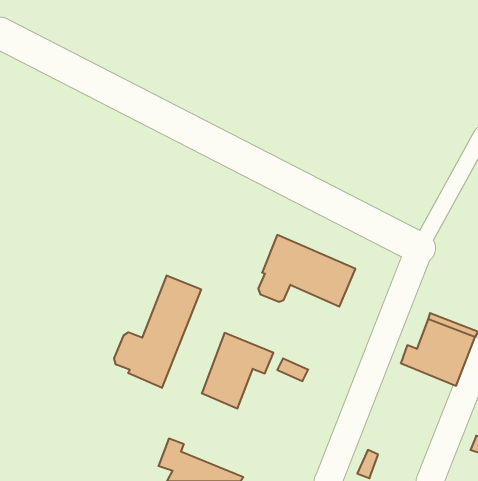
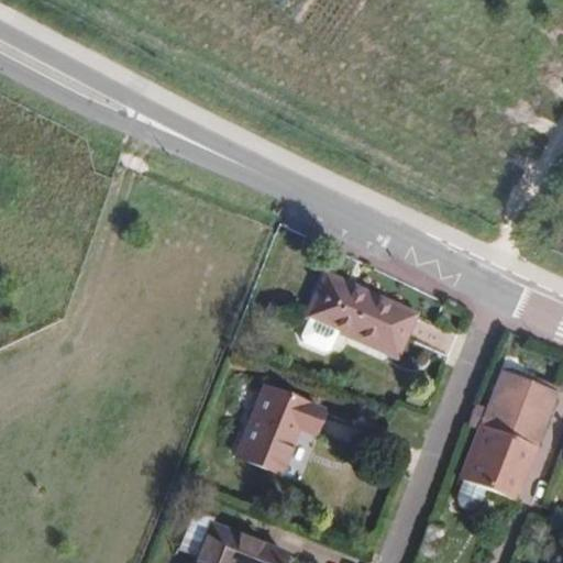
building: [114,275,201,388] -> none
building: none -> [453,423,537,507]

